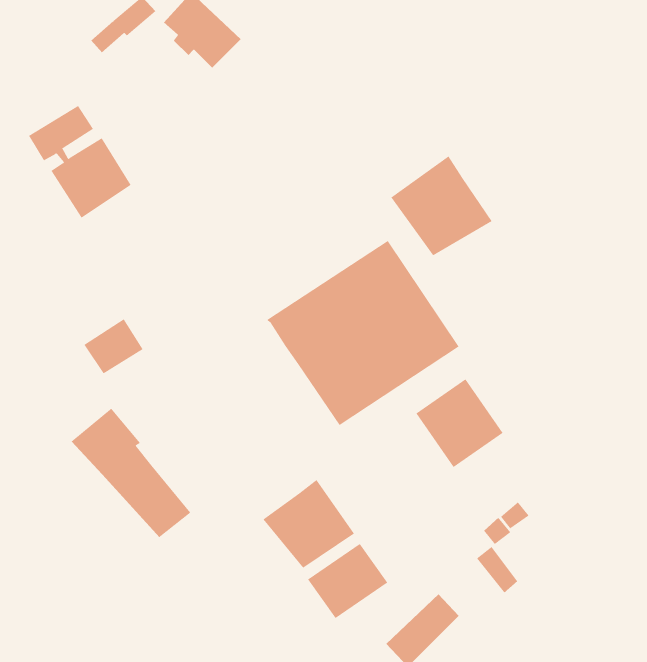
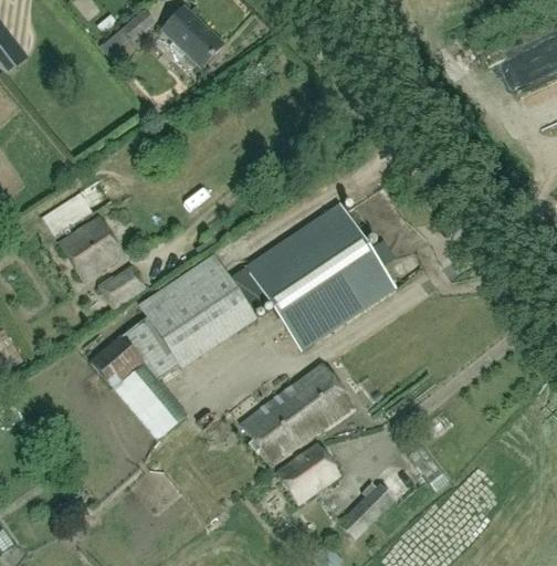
building: [28,105,132,218] -> [41,190,123,280]
building: [390,155,492,256] -> none
building: none -> [120,255,267,380]
building: [416,379,504,468] -> [283,364,353,434]

